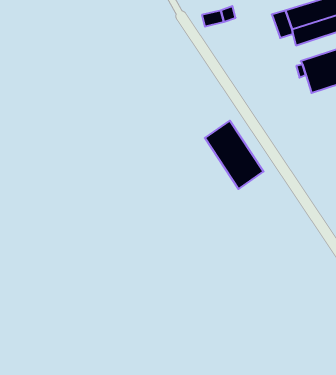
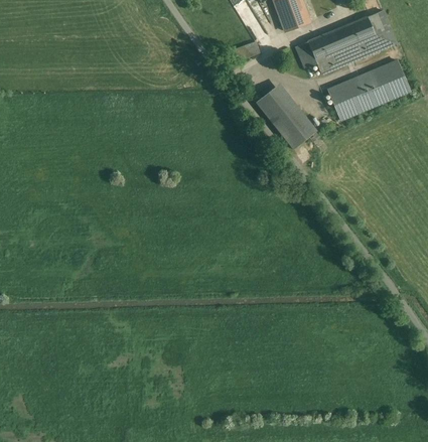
building: [205,121,264,189] -> [255,83,315,149]

